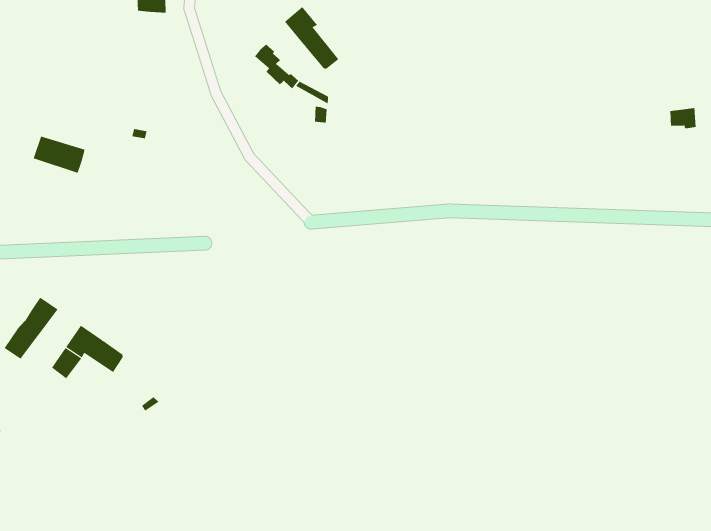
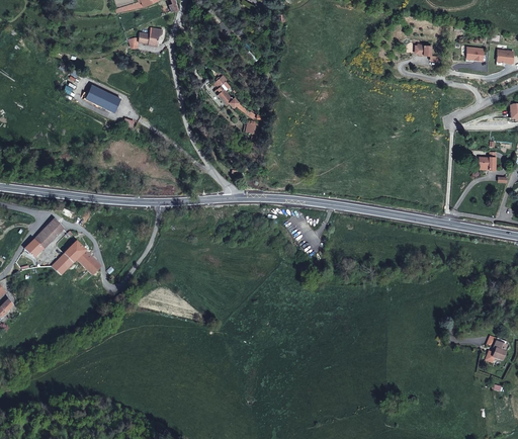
building: [284,6,339,69] -> none
building: [33,136,85,174] -> [86,85,121,113]

